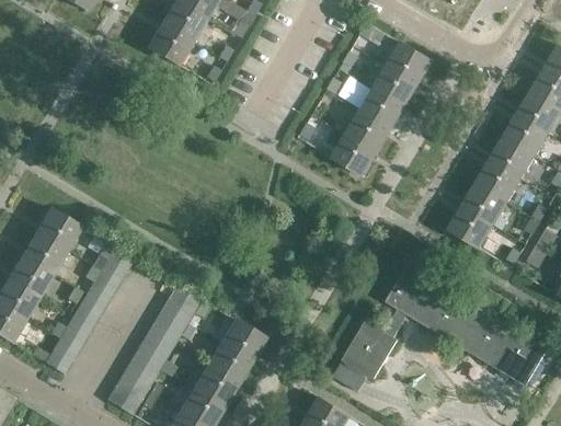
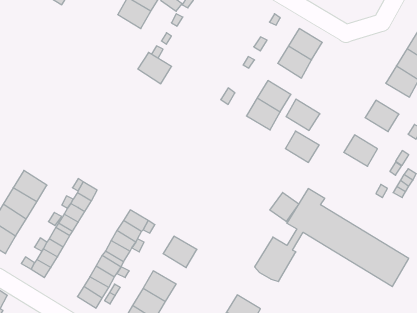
building: [146,25,191,67] -> [138,52,172,84]
building: [359,90,404,131] -> [286,99,320,130]
building: [503,116,548,158] -> none
building: [474,162,519,204] -> none
building: [447,208,492,250] -> [285,131,319,162]
building: [35,209,80,252] -> none
building: none -> [270,192,299,222]
building: [207,343,251,383] -> none

